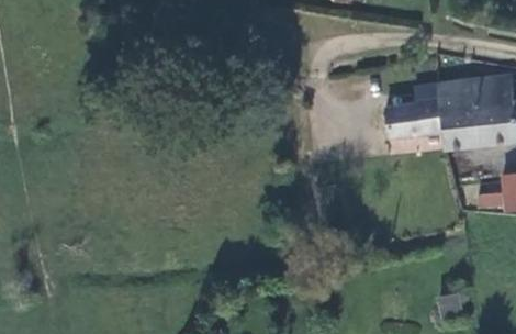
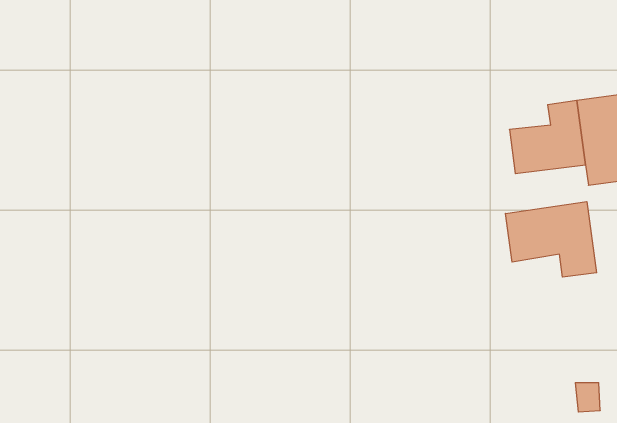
building: none -> [505,202,597,277]

